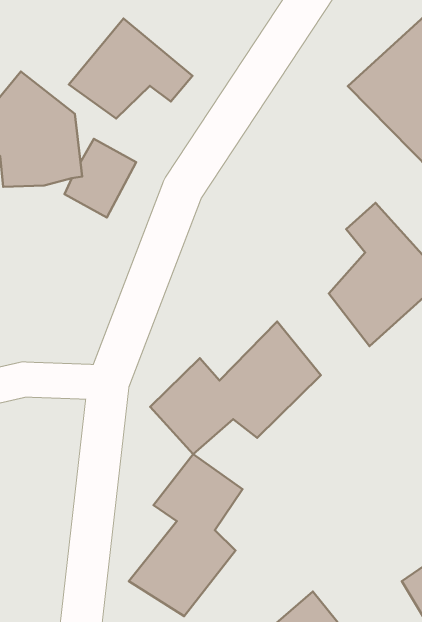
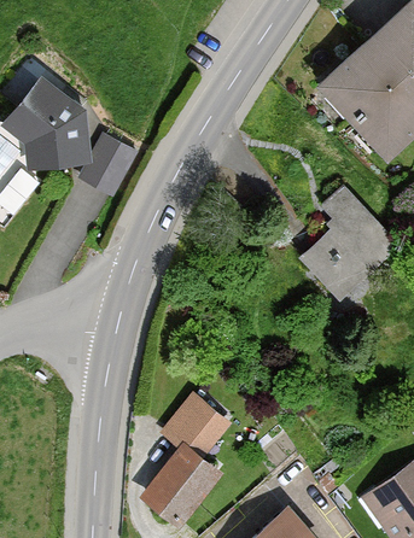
building: [69,18,192,118] -> none
building: [150,321,321,454] -> none

